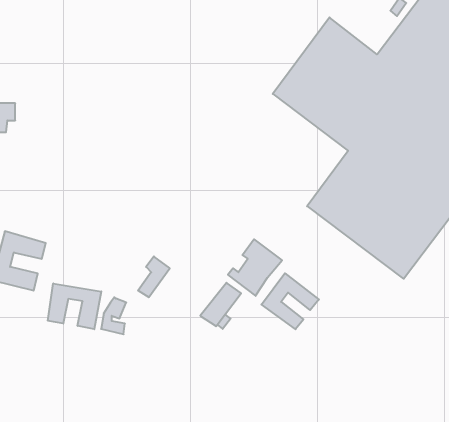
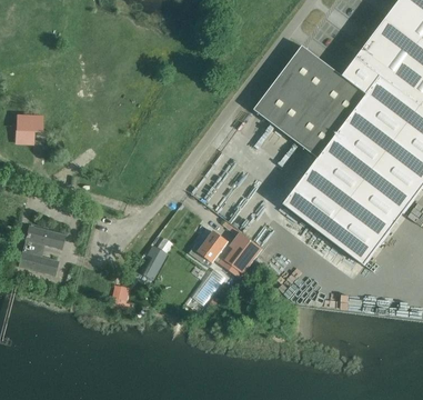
building: none -> [189,230,228,262]
building: [261,273,319,329] -> none
building: [48,283,101,329] -> none

